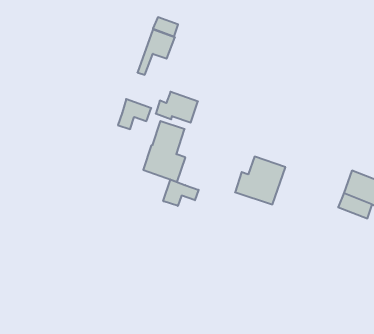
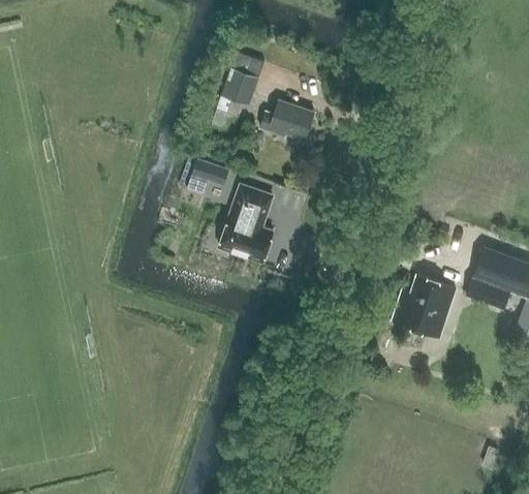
building: [156,92,198,123] -> [260,99,314,138]
building: [235,157,285,204] -> [391,275,455,336]
building: [163,179,199,206] -> none

